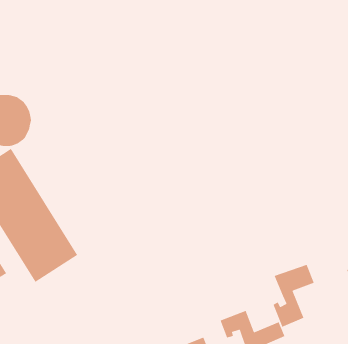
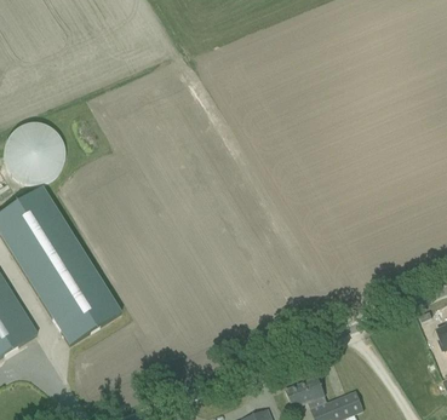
building: [272,264,315,328] -> none

